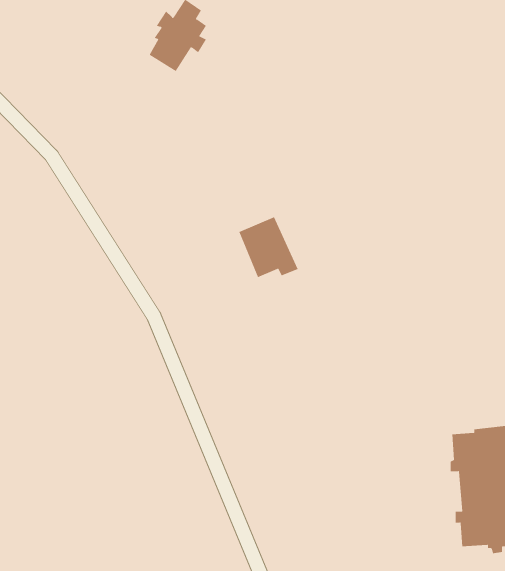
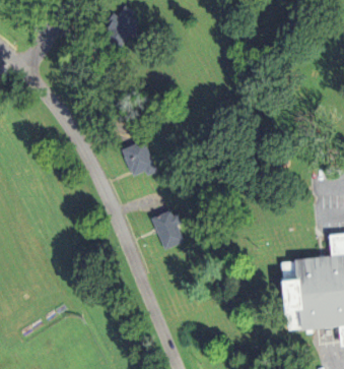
building: [239,216,298,278] -> [121,138,156,175]
building: none -> [150,208,183,248]

